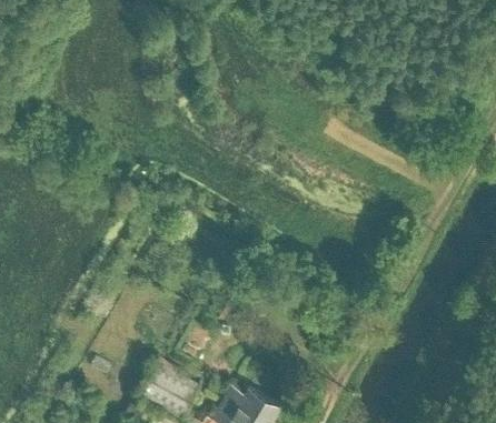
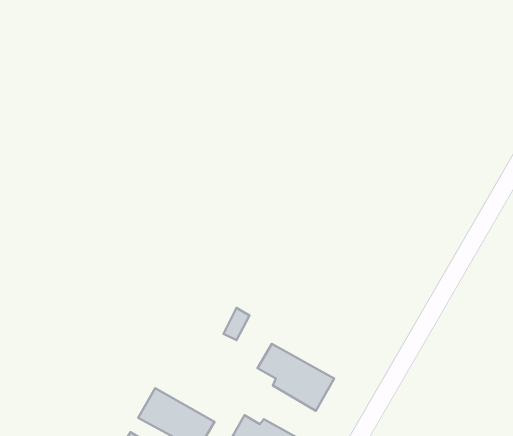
building: none -> [258,344,334,411]

